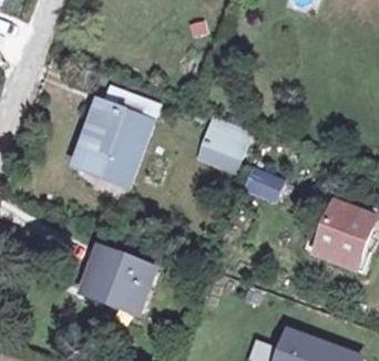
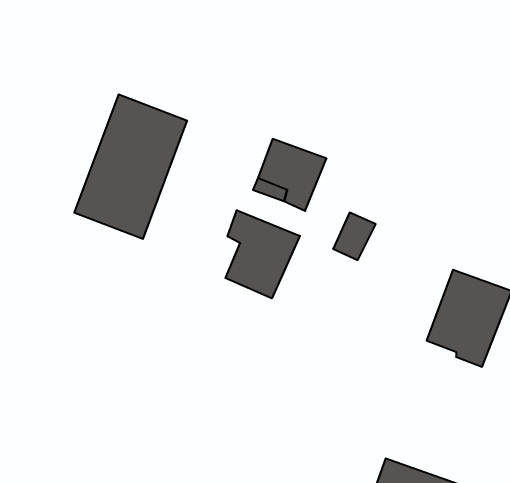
building: none -> [225,210,300,298]
building: [86,250,150,307] -> none

